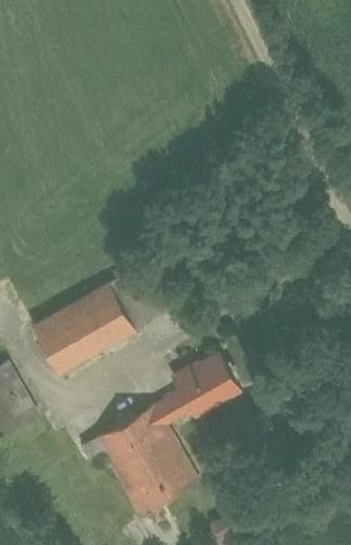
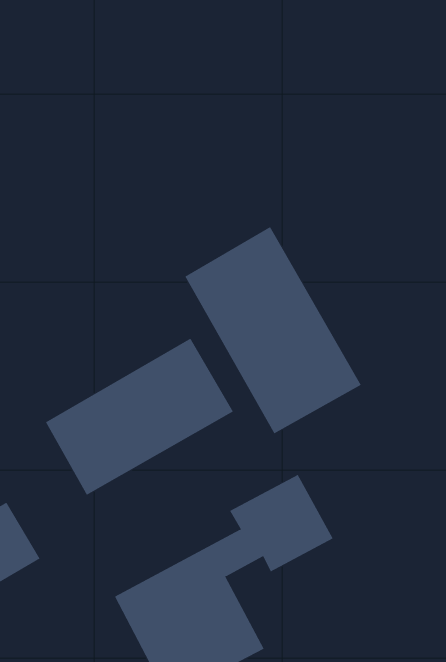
building: none -> [184,226,362,434]

